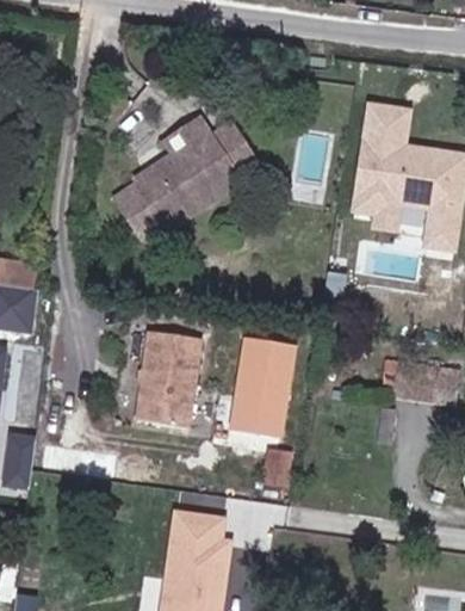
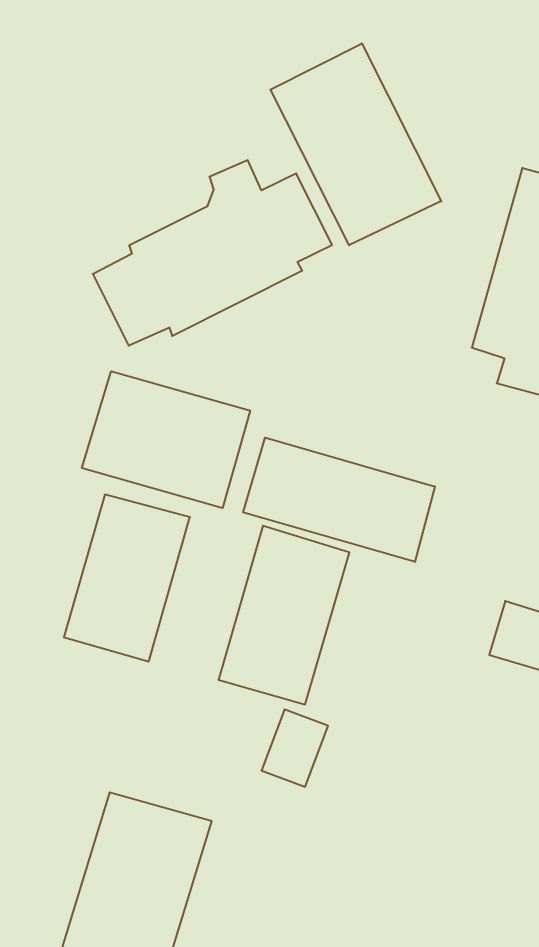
building: none -> [270,43,441,245]
building: none -> [82,371,250,508]
building: none -> [243,438,435,562]

